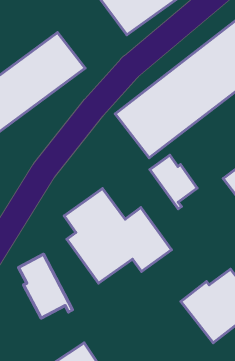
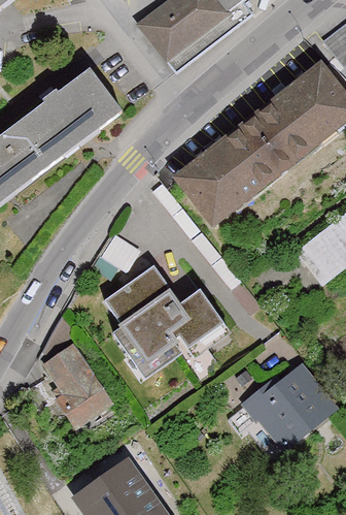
building: [150,155,197,209] -> none

